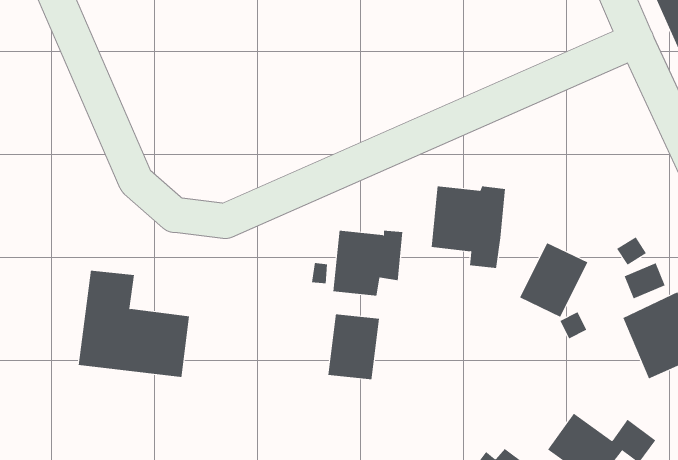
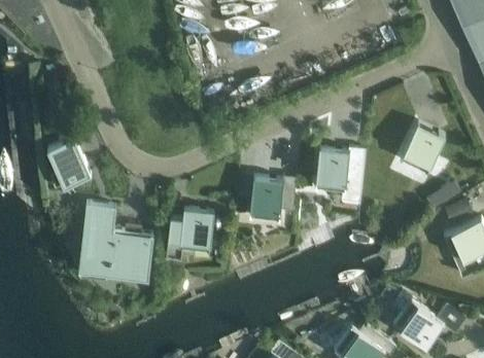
building: none -> [46,139,90,188]
building: [519,242,588,318] -> [399,123,445,174]
building: [328,314,380,380] -> [178,209,213,253]

